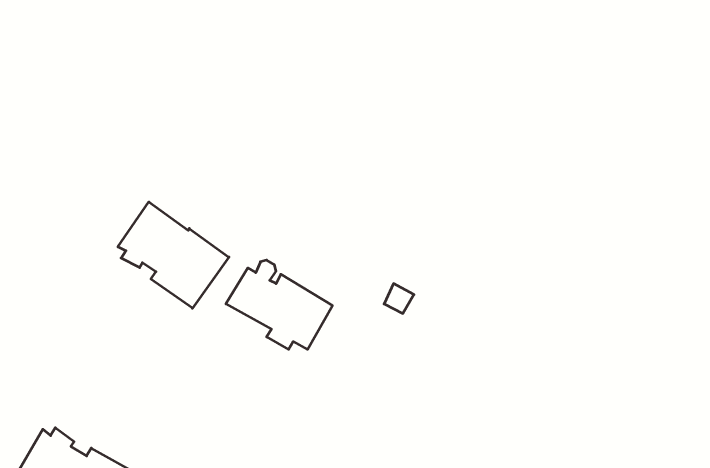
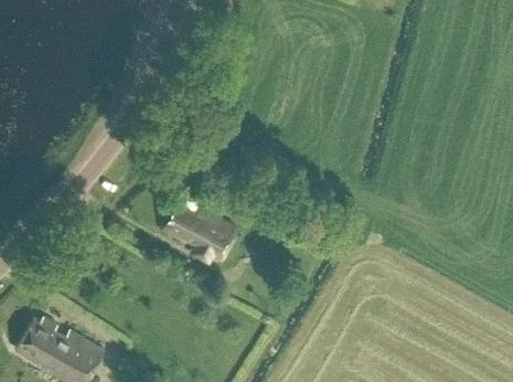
building: [118,202,229,308] -> none

